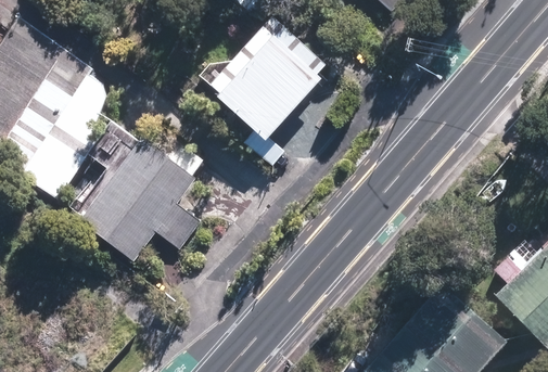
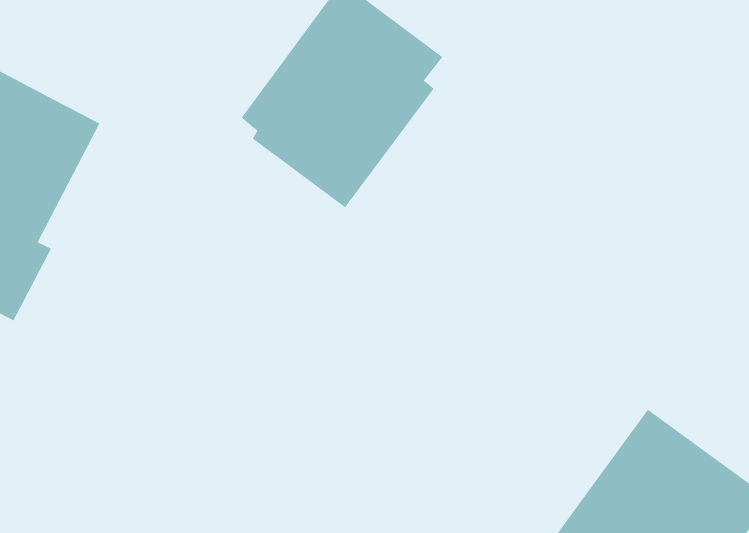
building: [73,123,199,262] -> none

